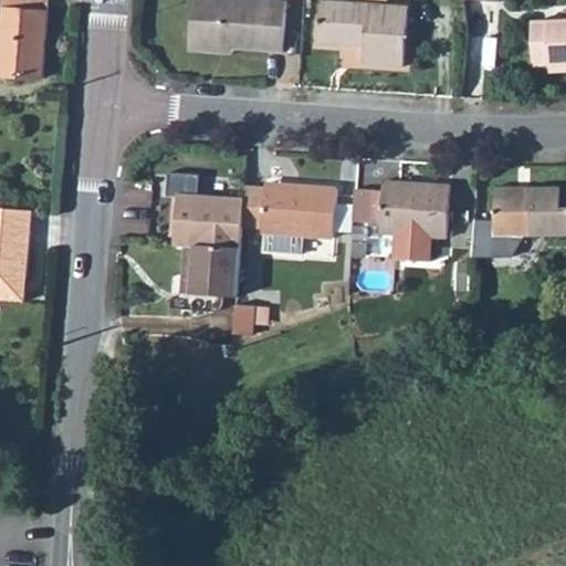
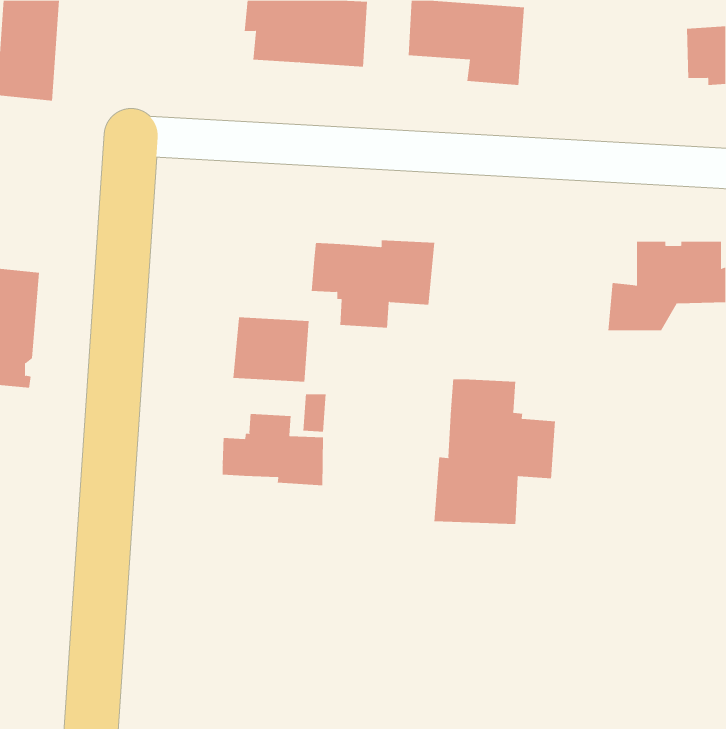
building: [166,172,243,249] -> none
building: [352,181,450,262] -> none
building: none -> [434,379,556,525]
building: none -> [222,413,324,486]

